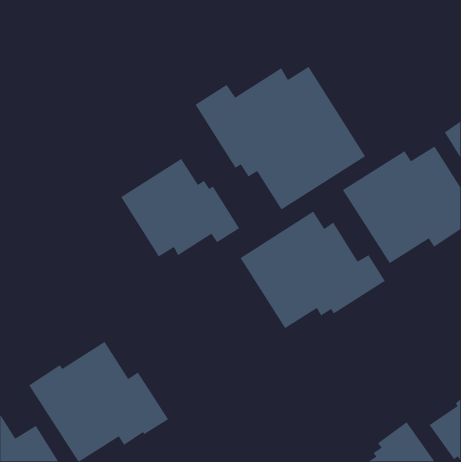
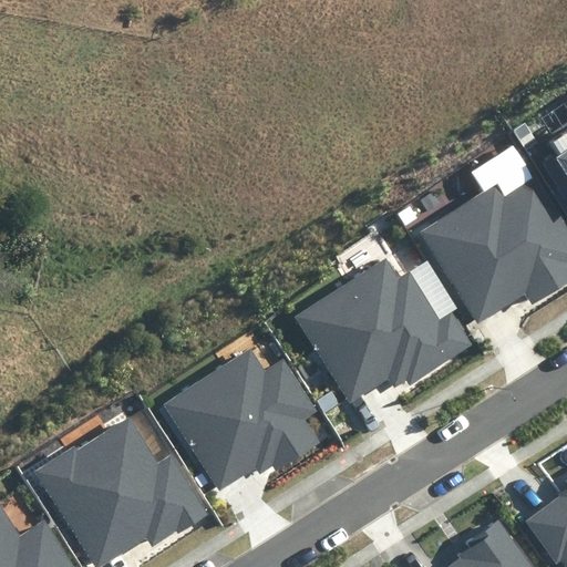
building: [195,66,366,211] -> none
building: [120,158,240,258] -> none
building: none -> [163,348,320,489]

